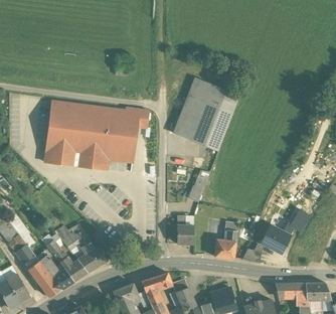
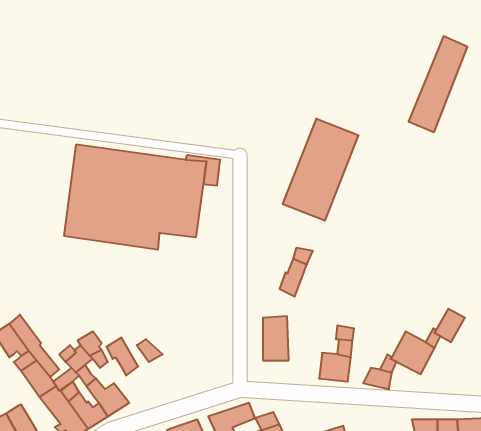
building: [172,76,211,140] -> [408,36,468,132]
building: [76,246,107,272] -> none

